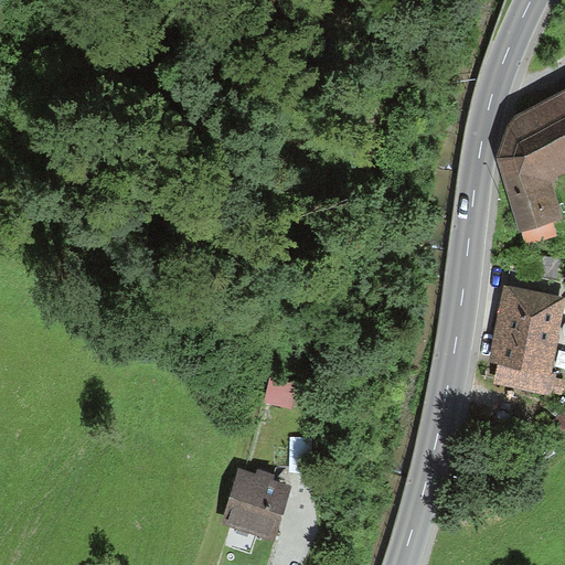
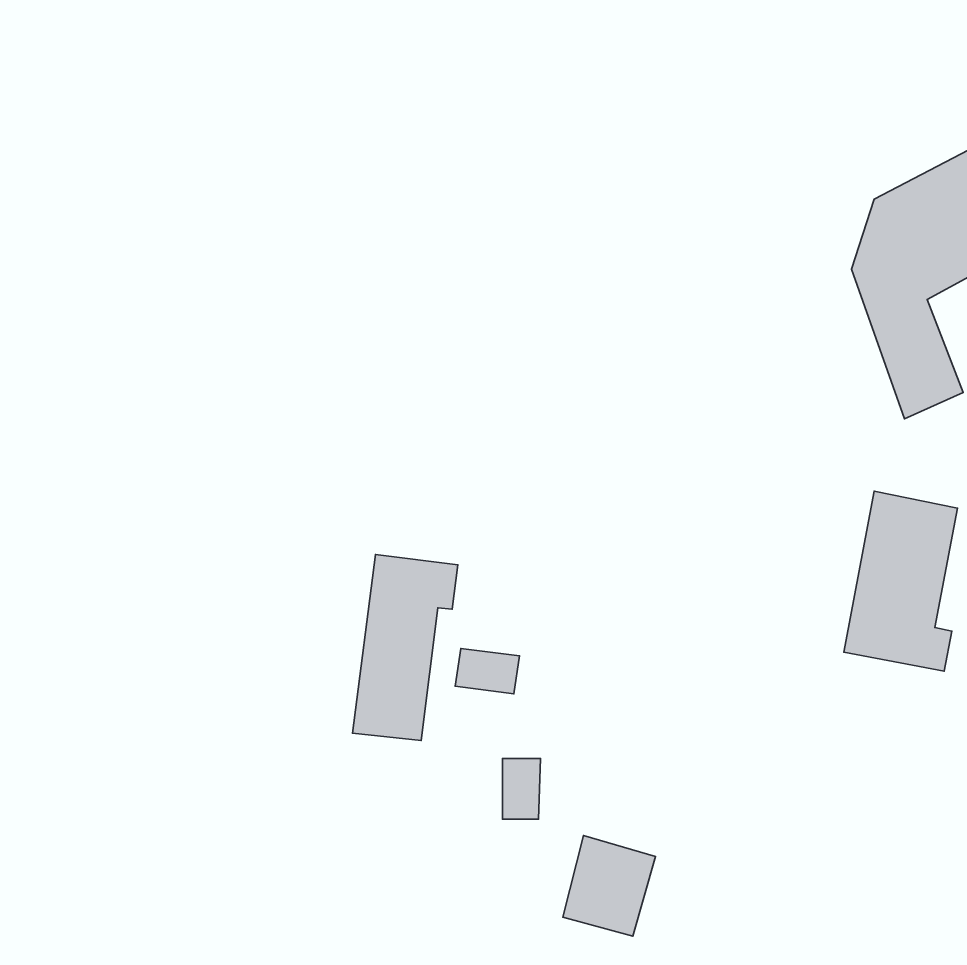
building: none -> [352,554,458,741]
building: [233,470,287,529] -> [563,836,656,936]

